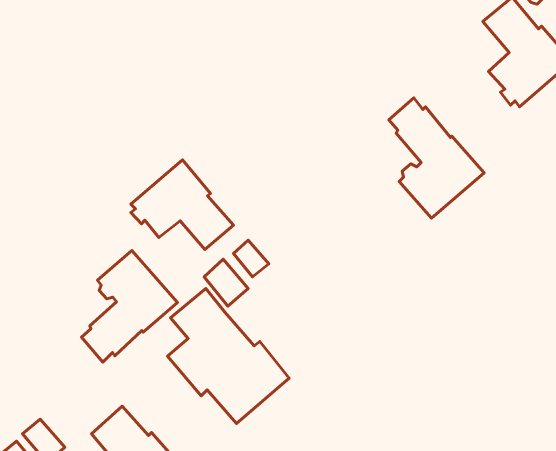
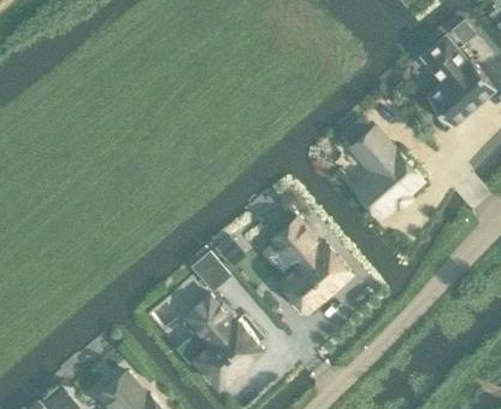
building: [131,160,233,250] -> none
building: none -> [271,216,348,308]
building: [81,251,178,362] -> none

